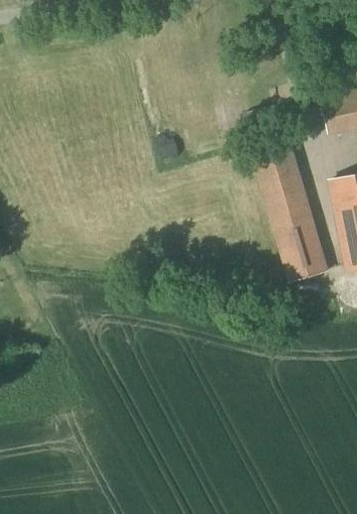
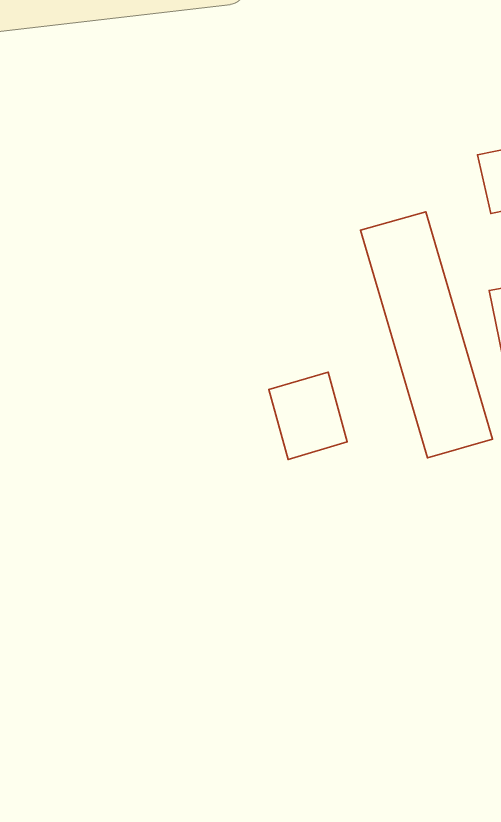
building: none -> [269,372,347,459]

